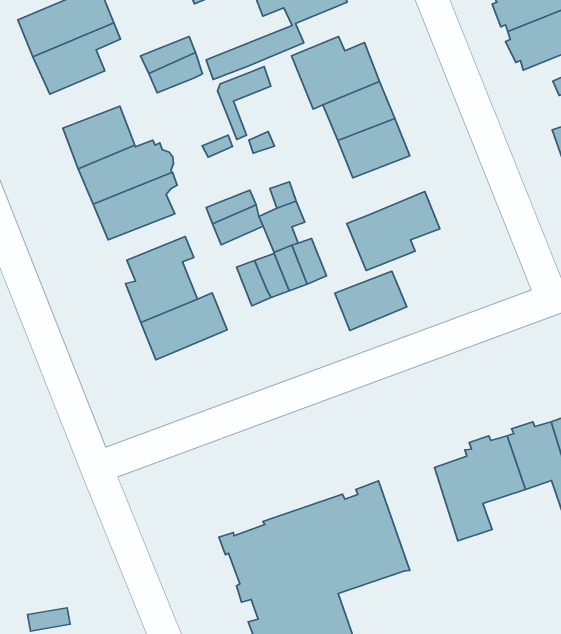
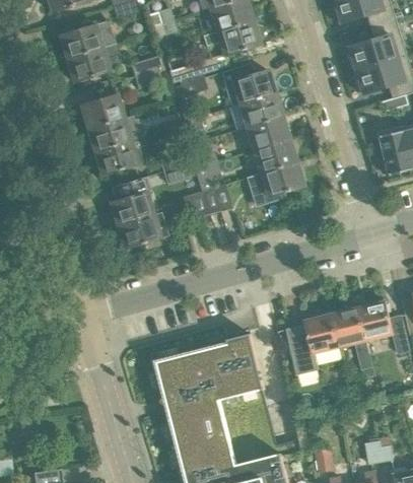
building: [335,271,407,330] -> [252,139,294,172]

